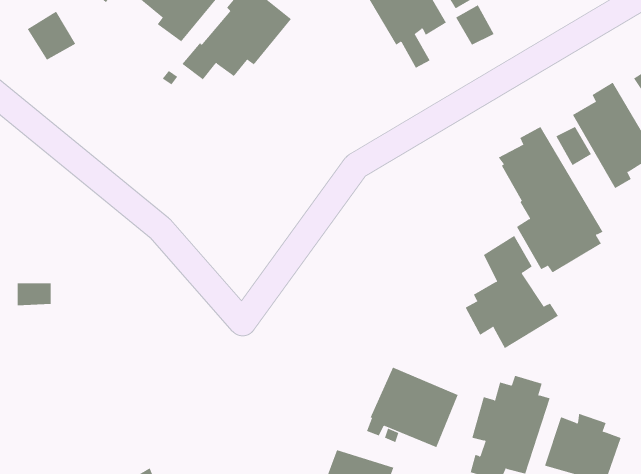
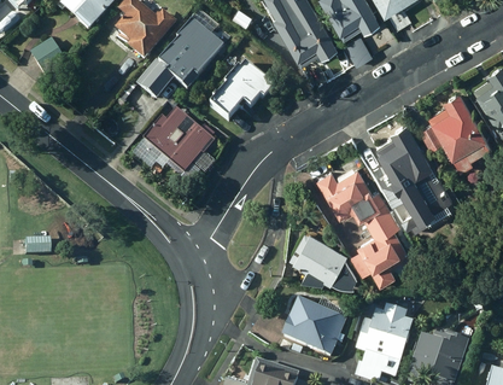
building: none -> [207,64,273,123]
building: none -> [135,107,214,175]
building: none -> [316,167,386,221]
building: none -> [288,233,356,287]

